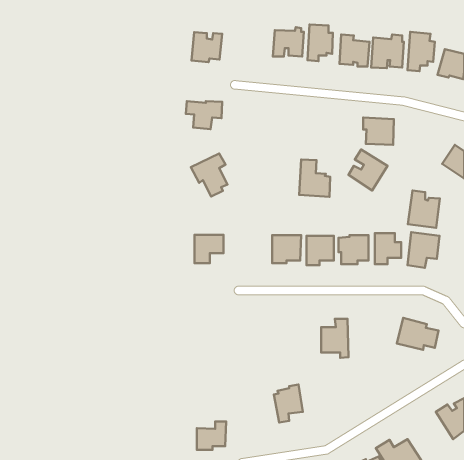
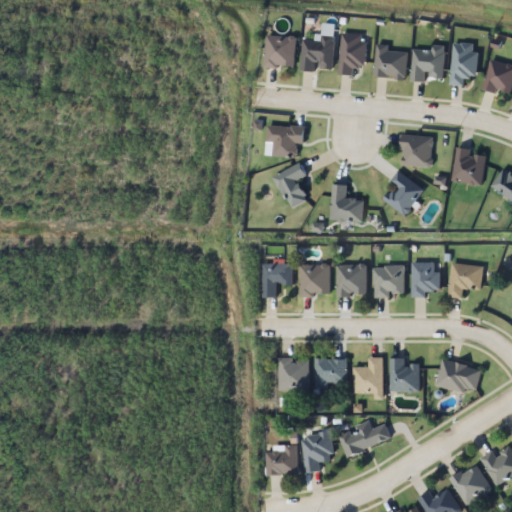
building: [191,32,222,62] -> [263,34,297,67]
building: [186,101,222,129] -> [267,124,307,155]
building: [191,154,227,196] -> [271,161,311,208]
building: [408,190,440,228] -> [451,144,486,185]
building: [194,235,224,263] -> [261,263,293,294]
building: none -> [389,356,420,391]
building: none -> [278,357,308,389]
building: none -> [315,358,349,388]
building: none -> [338,418,390,458]
building: none -> [447,463,493,506]
building: [197,422,226,450] -> [266,444,298,475]

